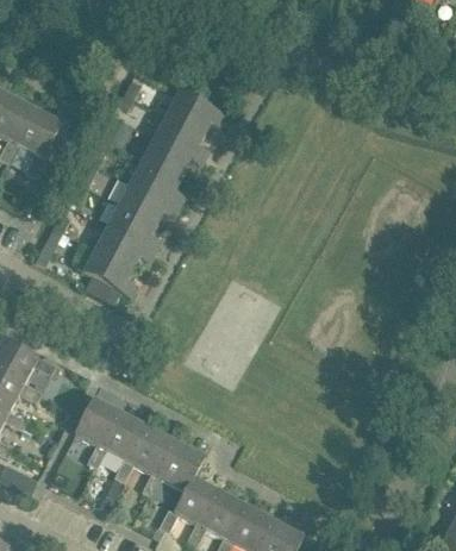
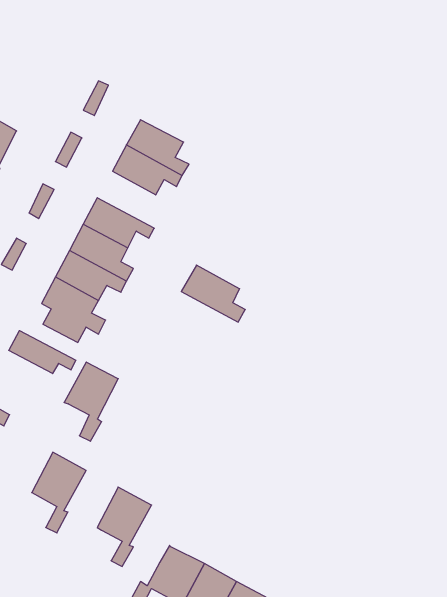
building: [167,88,226,130] -> none
building: [130,155,185,204] -> [181,265,245,322]
building: none -> [9,331,76,374]
building: [101,411,148,478] -> [64,362,118,441]
building: [157,440,205,489] -> none

